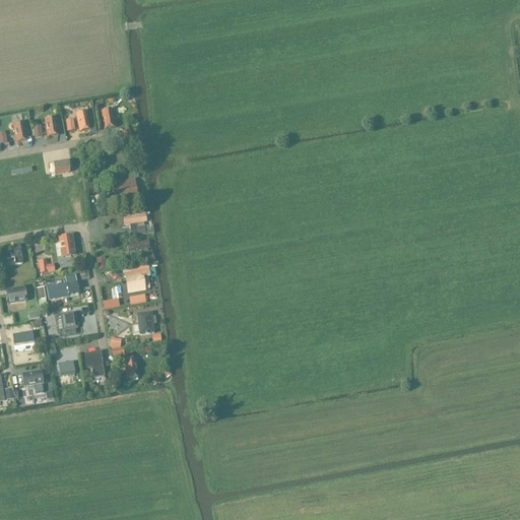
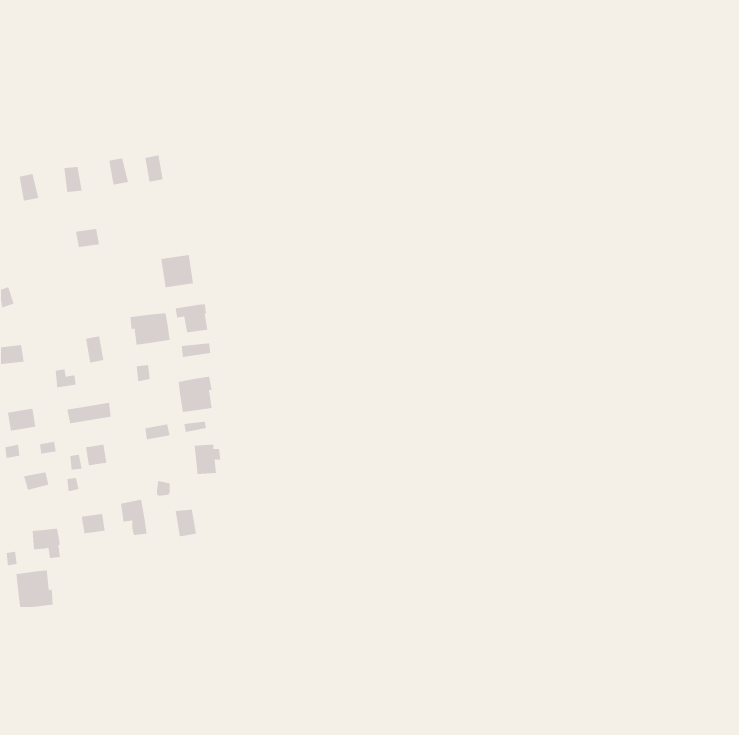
building: none -> [130,313,170,345]
building: none -> [16,570,53,608]

